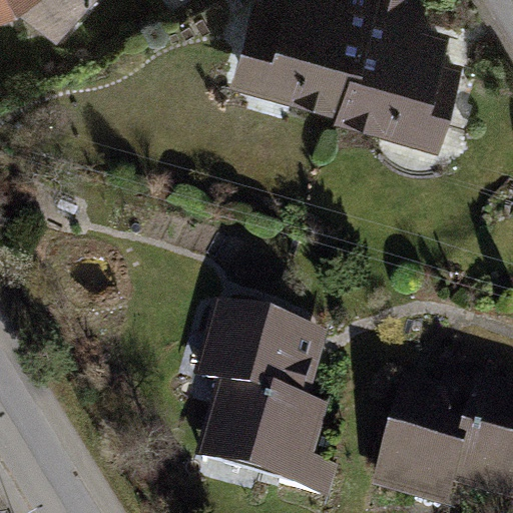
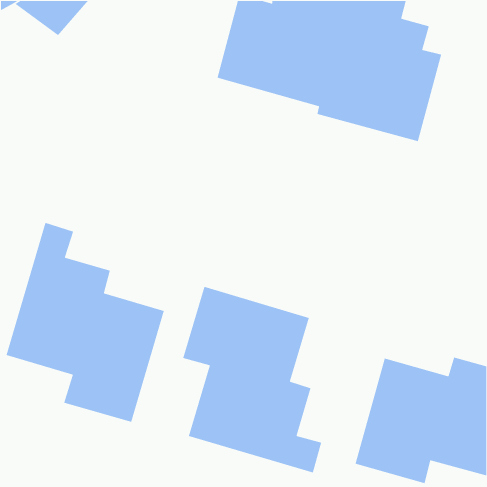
building: none -> [5,222,165,423]

